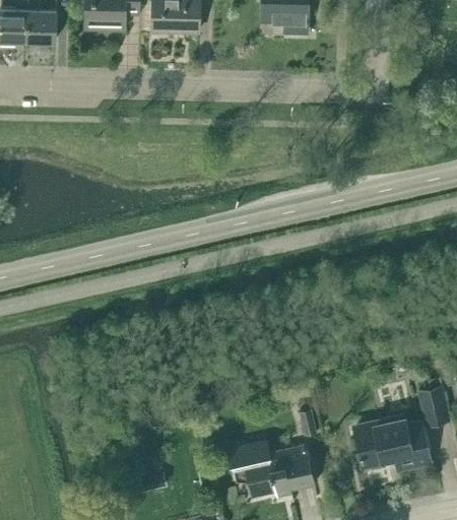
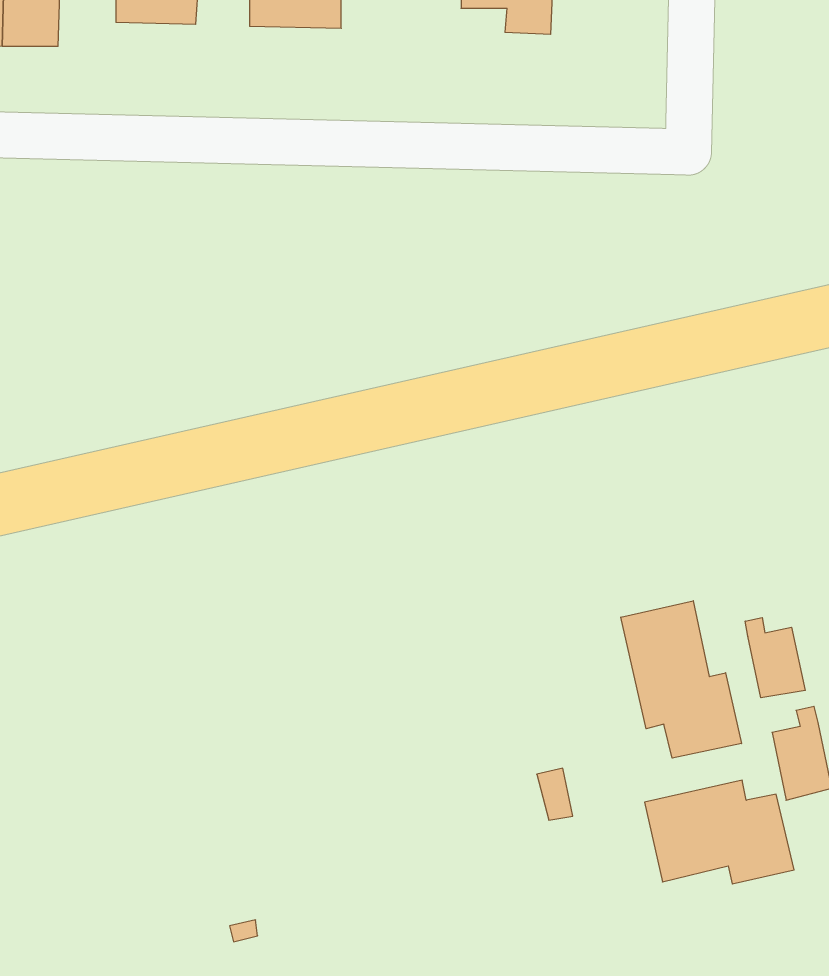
building: none -> [621,601,741,758]
building: none -> [745,618,805,698]
building: [224,441,316,499] -> none

